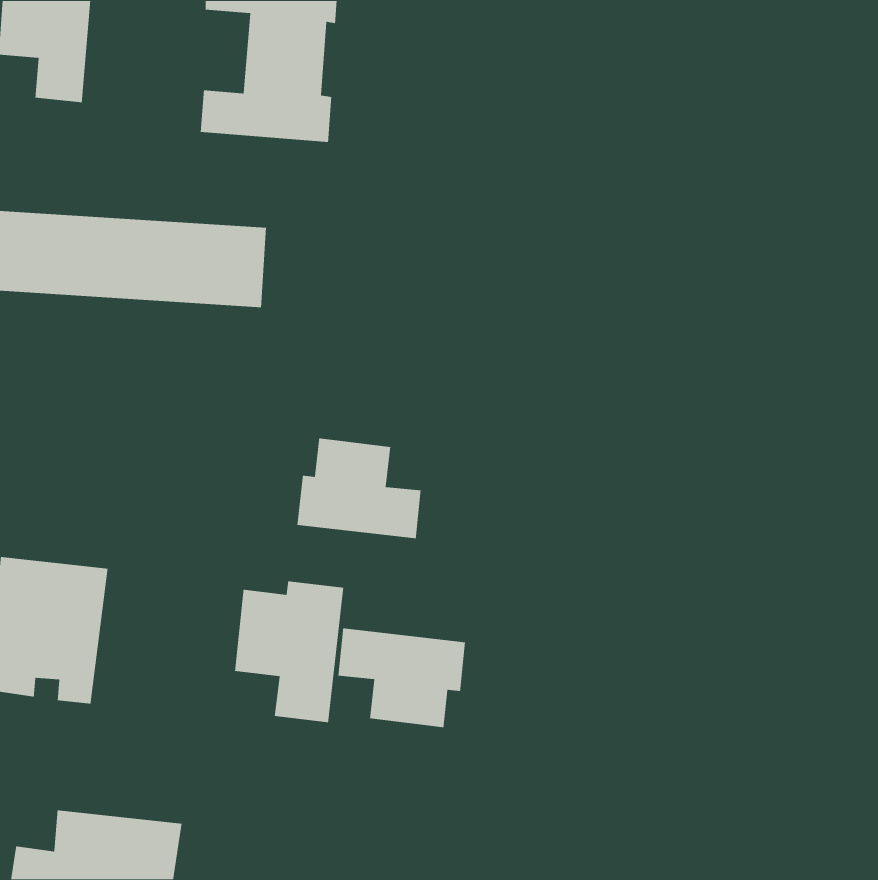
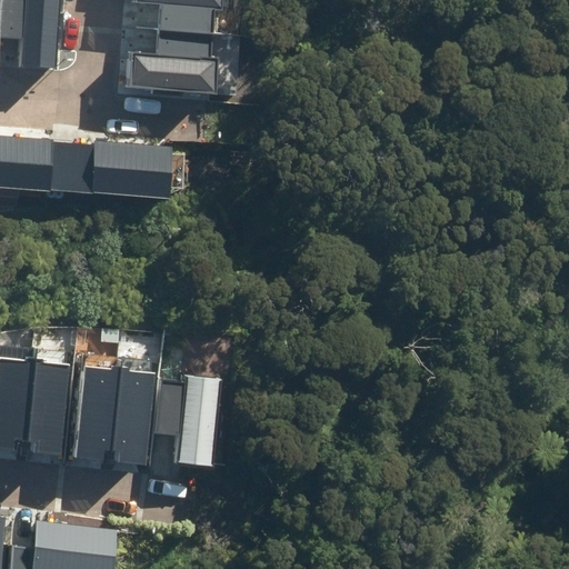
building: [297,438,422,539] -> none
building: none -> [73,369,153,465]
building: [337,628,466,728] -> none

